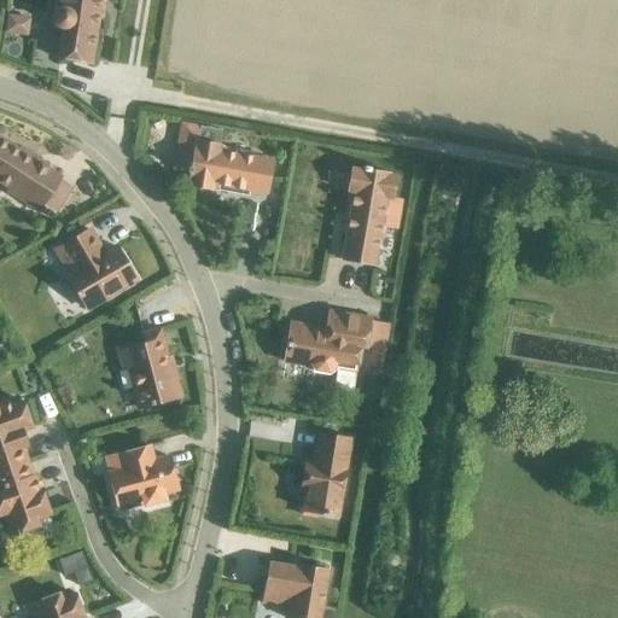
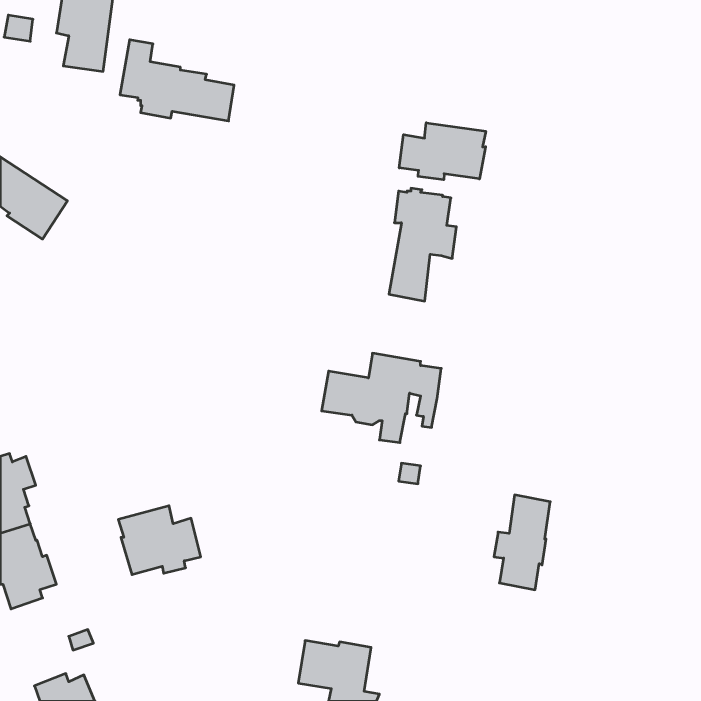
building: none -> [399,123,486,180]
building: [171,121,272,192] -> [120,40,234,121]
building: [58,228,139,305] -> none
building: [118,328,179,408] -> none
building: [301,432,350,515] -> [494,495,550,590]

